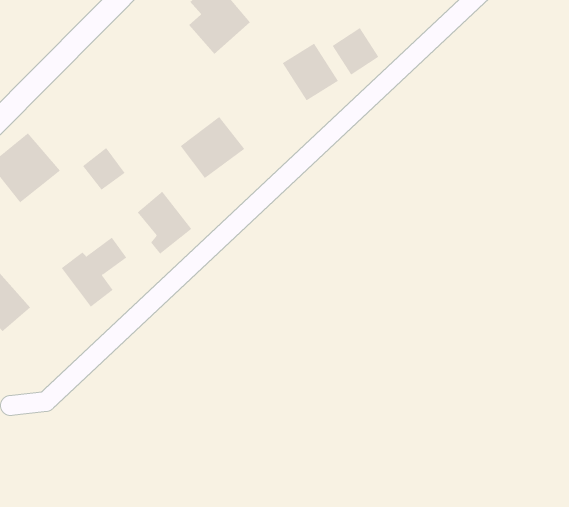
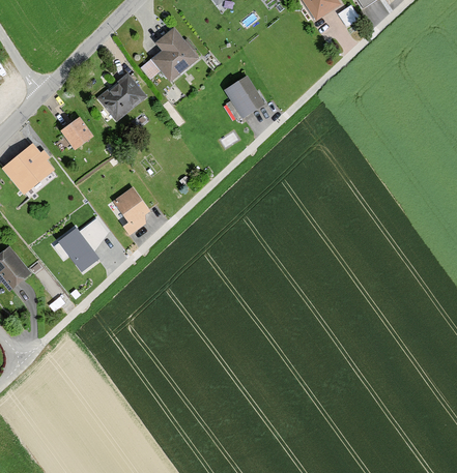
building: [332,27,379,76] -> none
building: [180,116,245,179] -> [97,73,147,121]
building: [82,147,126,191] -> [59,115,92,148]

